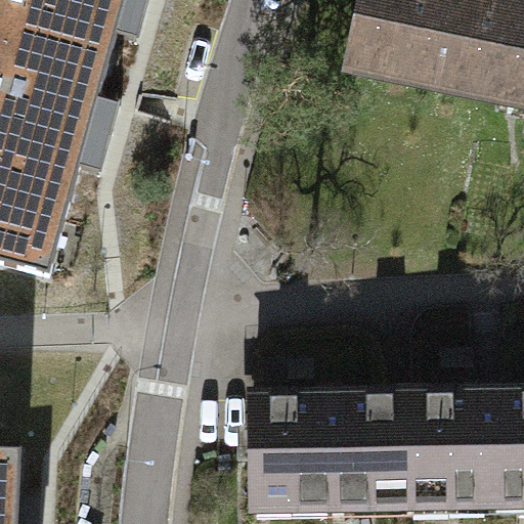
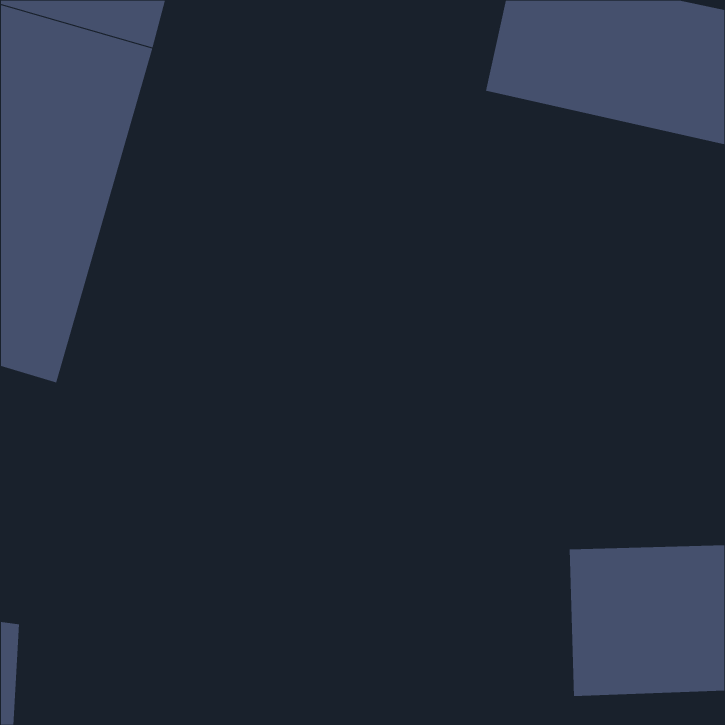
building: [251,396,413,507] -> none

